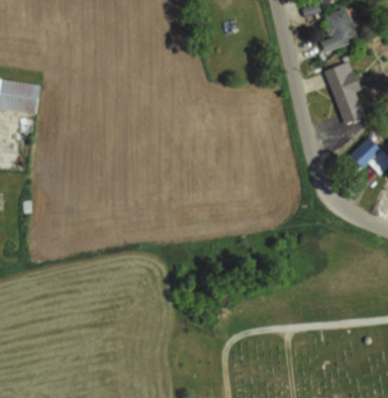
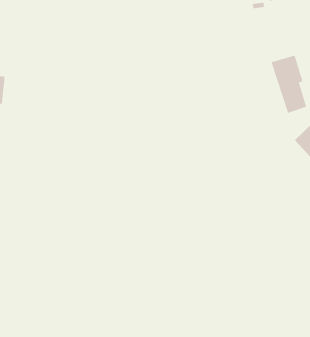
building: [322,7,359,49] -> none

